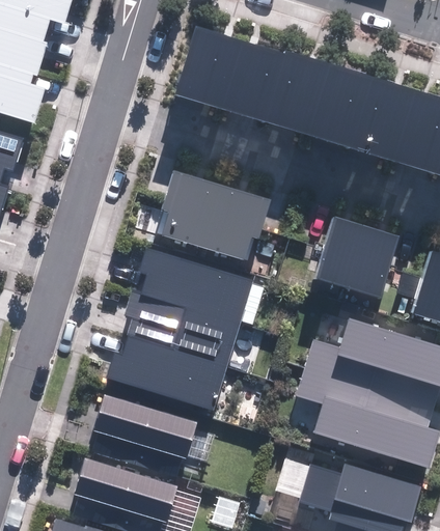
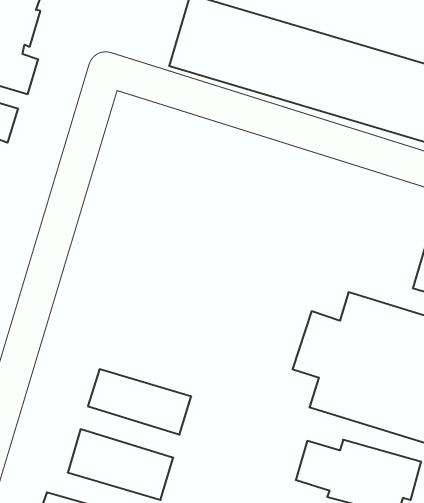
building: [161,170,270,259] -> none
building: [317,217,400,298] -> none
building: [107,247,263,411] -> none

